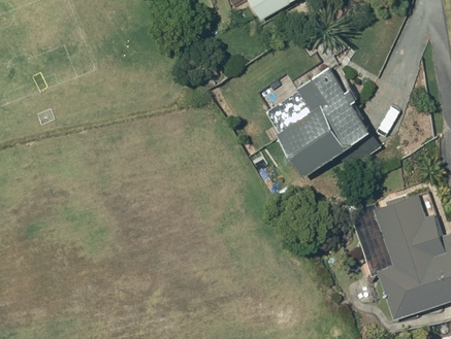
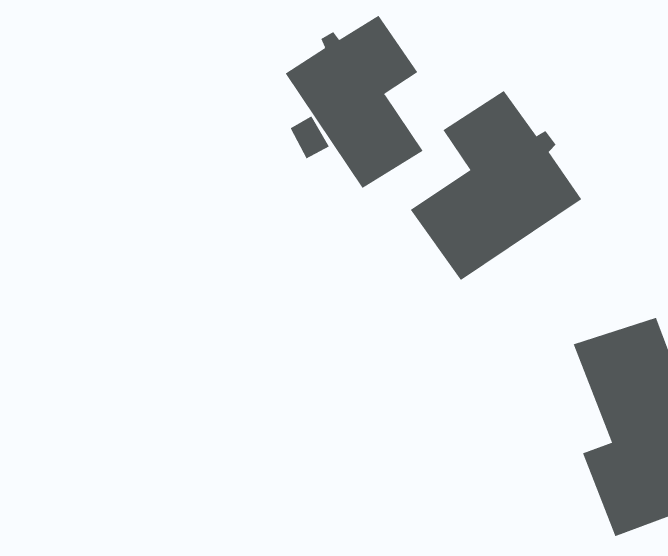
building: none -> [285,15,423,189]

